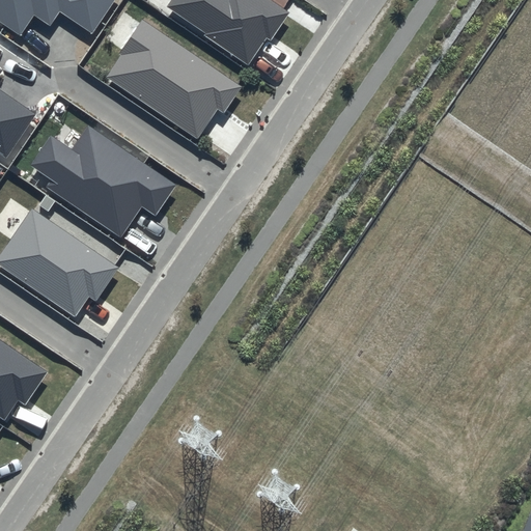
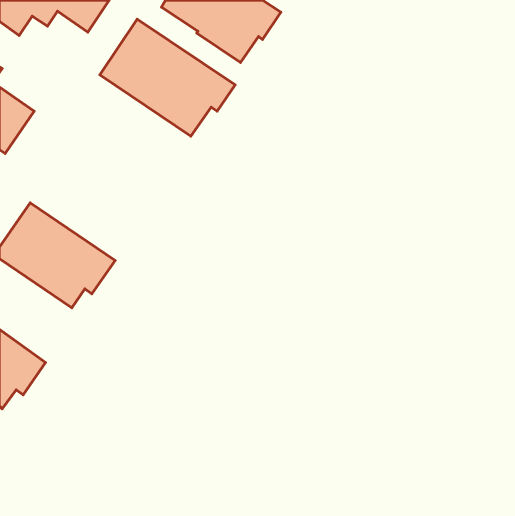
building: [30,123,177,236] -> none

